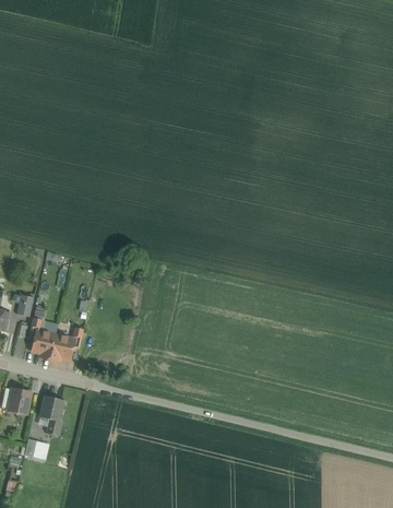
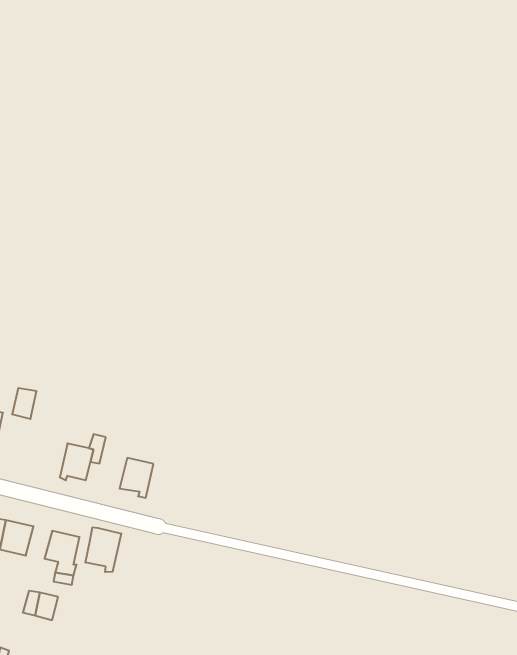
building: [32,329,56,357] -> [120,458,153,498]
building: none -> [85,527,121,572]

